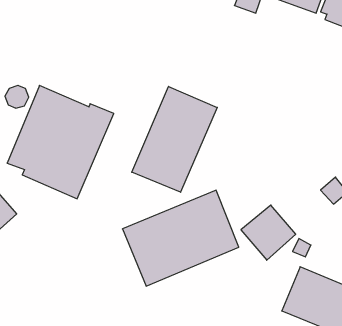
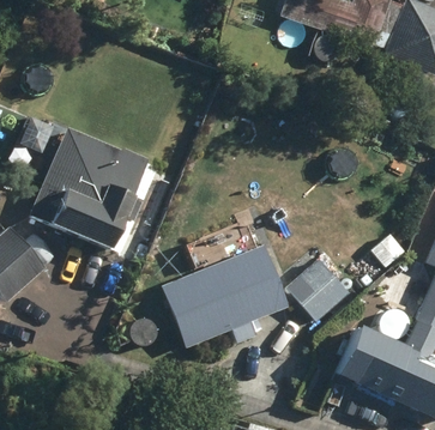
building: [132,86,217,192] -> none

